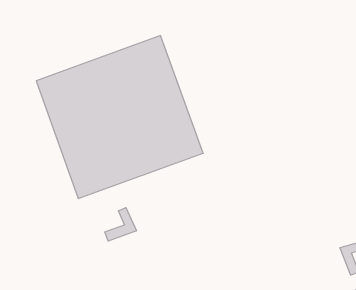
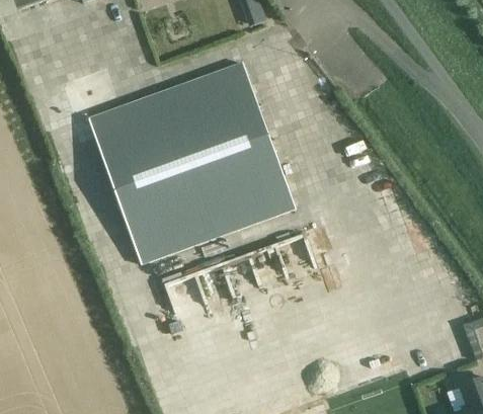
building: [105,208,136,241] -> none

